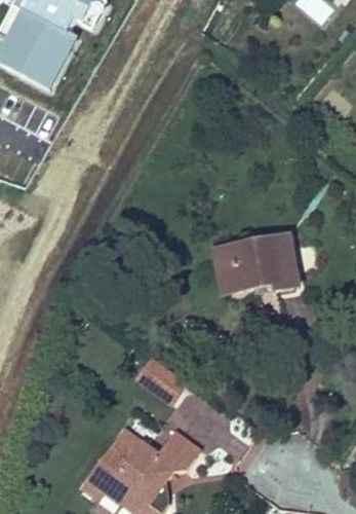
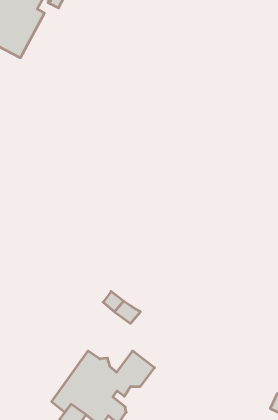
building: [214,233,298,291] -> none

